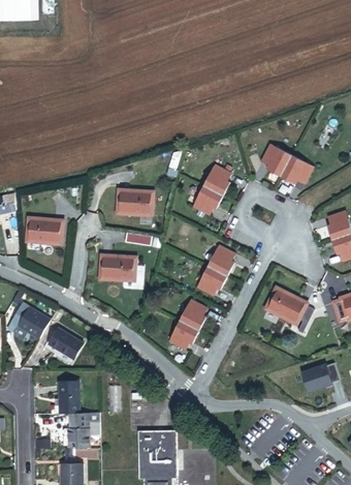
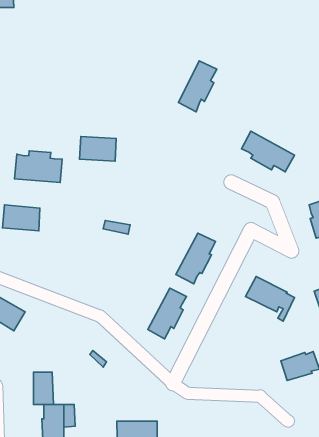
building: none -> [15,151,62,183]
building: [194,163,232,214] -> [178,61,217,112]
building: [118,188,154,213] -> [80,136,116,161]
building: [101,255,136,279] -> none
building: [46,330,81,361] -> none

